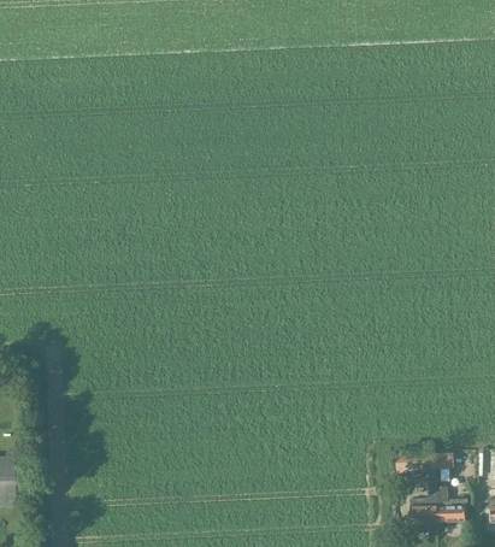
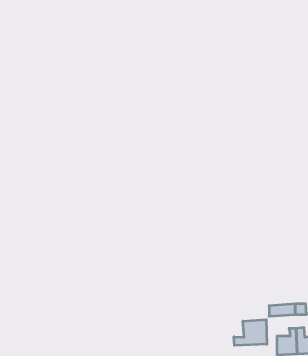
building: none -> [234,320,267,345]

